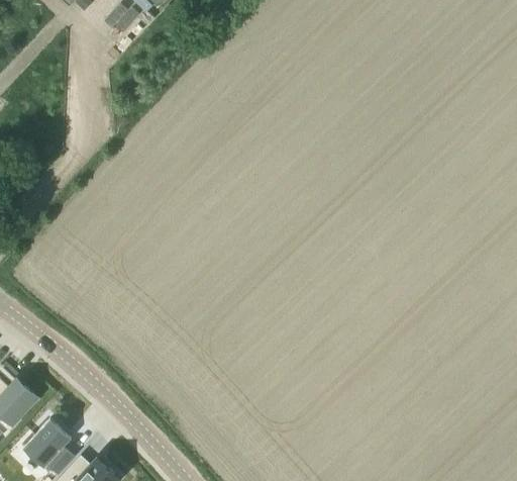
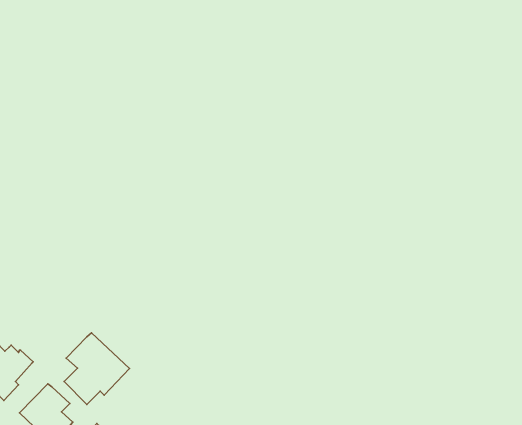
building: none -> [64,333,130,405]

